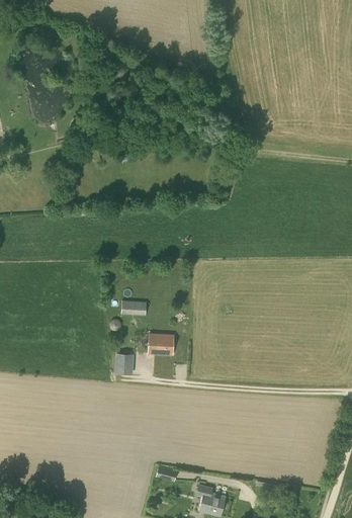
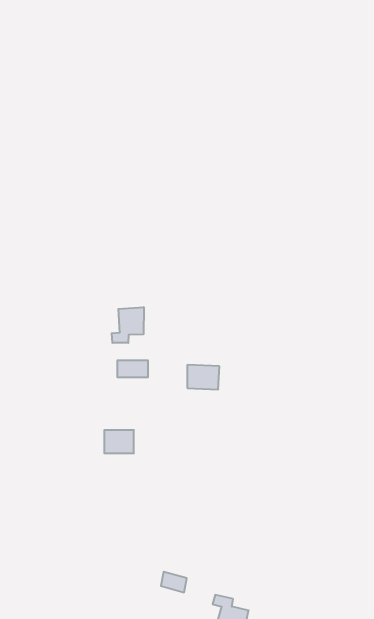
building: none -> [112,307,144,343]
building: [148,334,173,353] -> [187,365,219,389]

